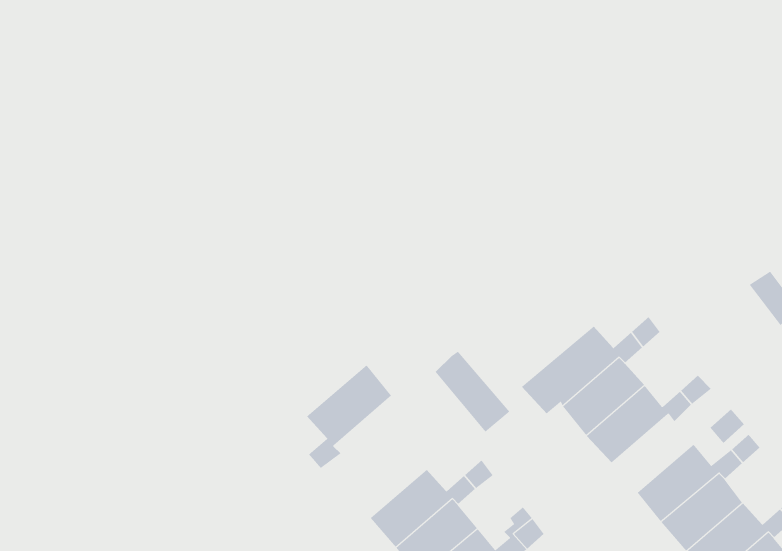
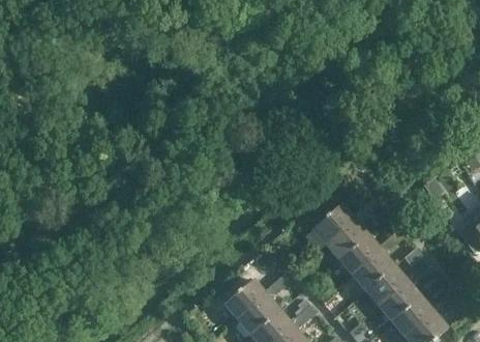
building: [435,351,510,432] -> none
building: [306,364,392,469] -> none
building: none -> [352,251,395,292]

